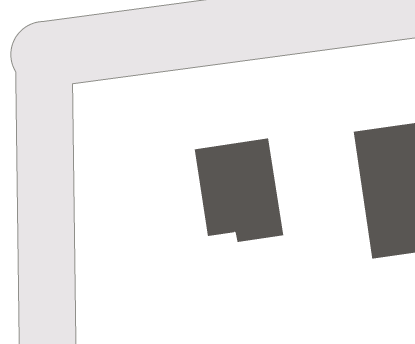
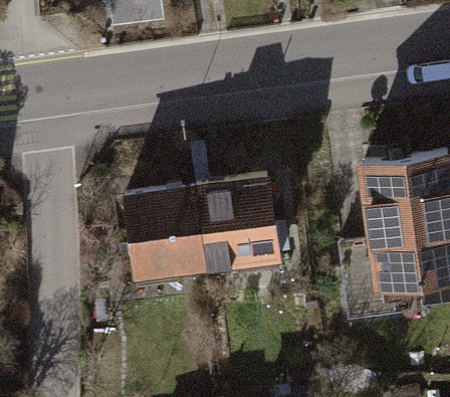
building: none -> [124,184,210,289]

